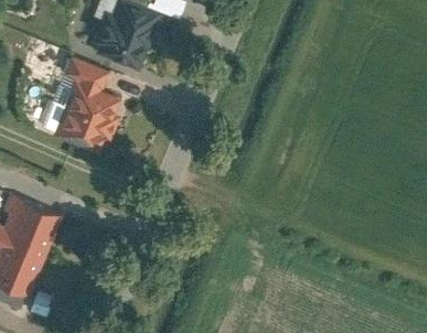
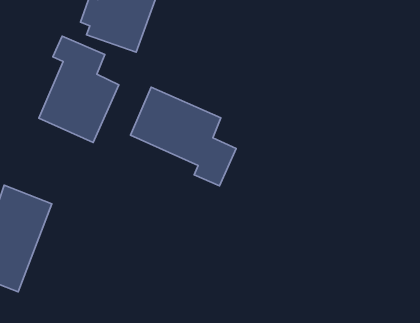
building: none -> [130,87,236,186]

